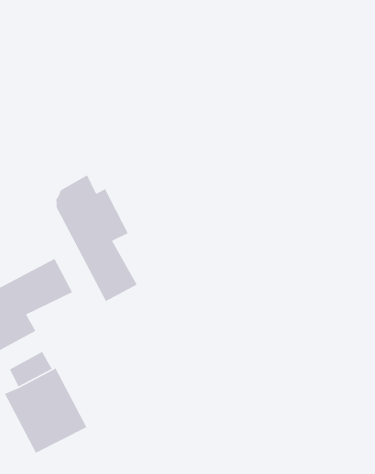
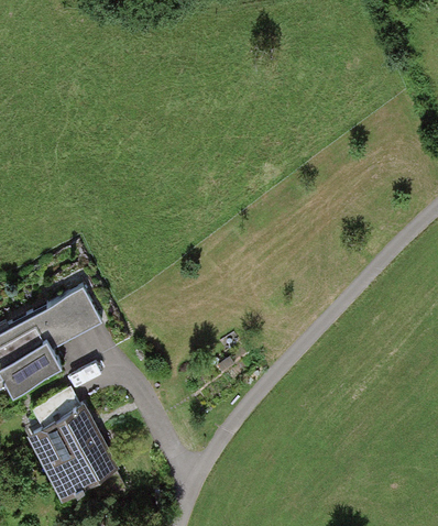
building: [56,174,138,302] -> none

